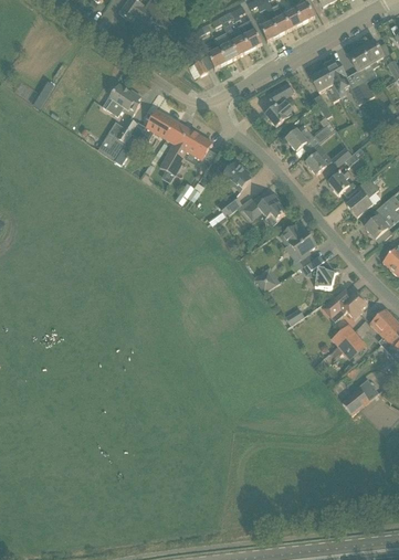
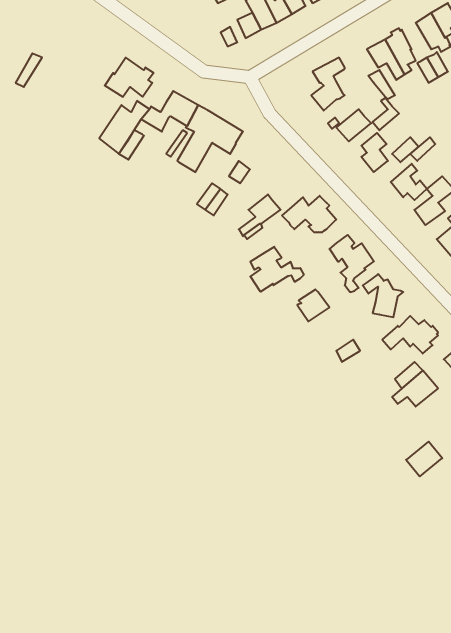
building: [222,159,250,190] -> none
building: none -> [250,247,304,292]

